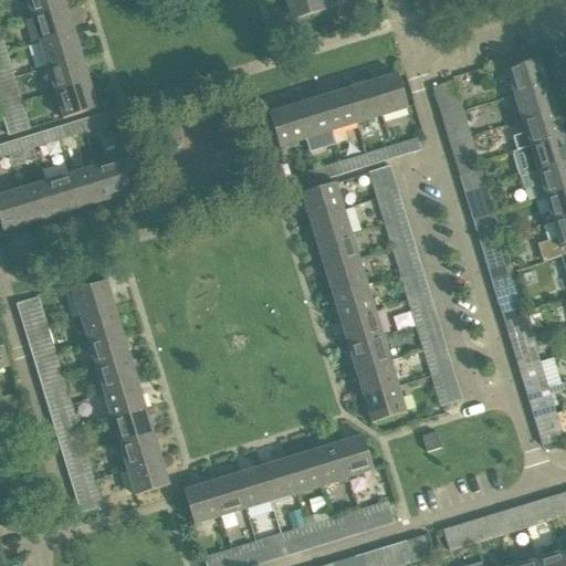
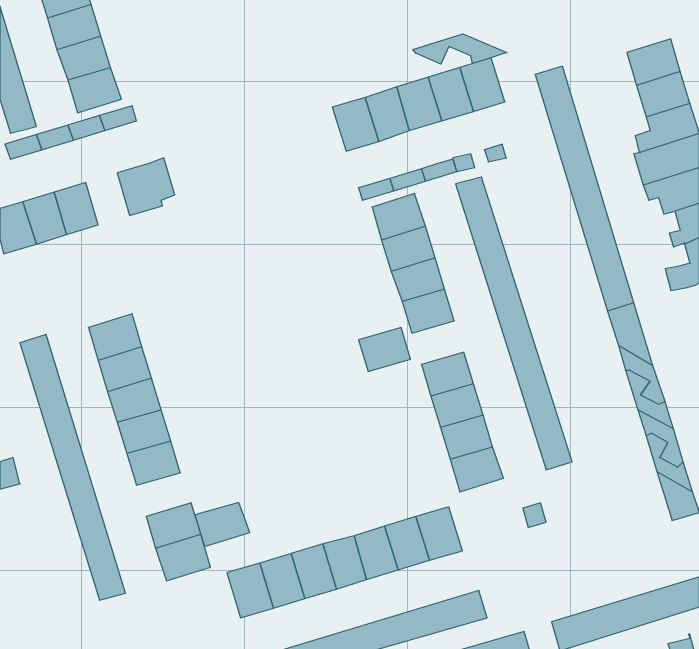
building: none -> [413,34,507,64]
building: [70,165,105,207] -> none
building: [333,284,375,319] -> [359,328,411,371]
building: [111,407,155,442] -> [195,503,250,546]

